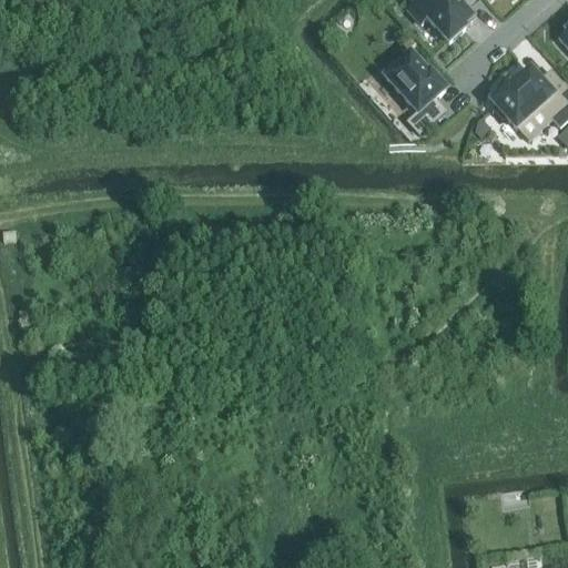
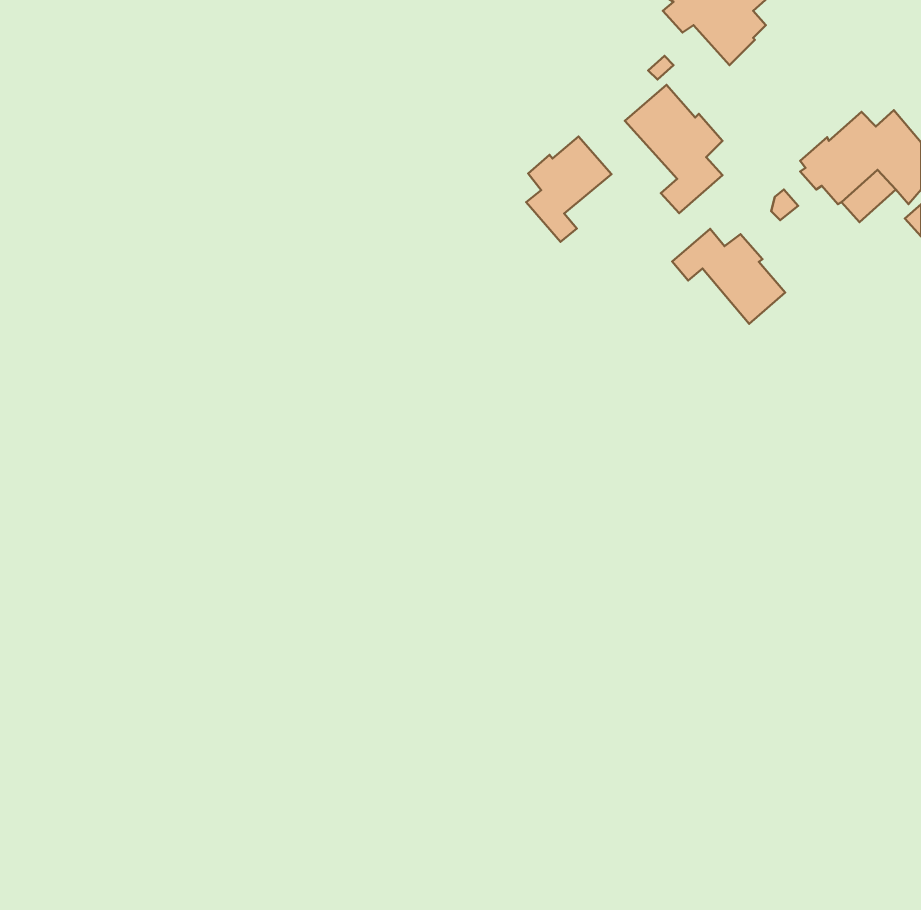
building: none -> [526,136,611,242]
building: none -> [672,229,785,324]

